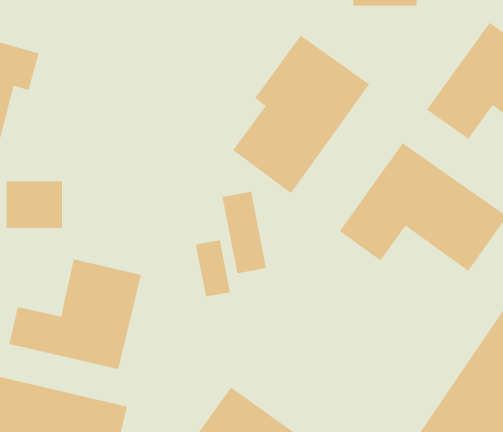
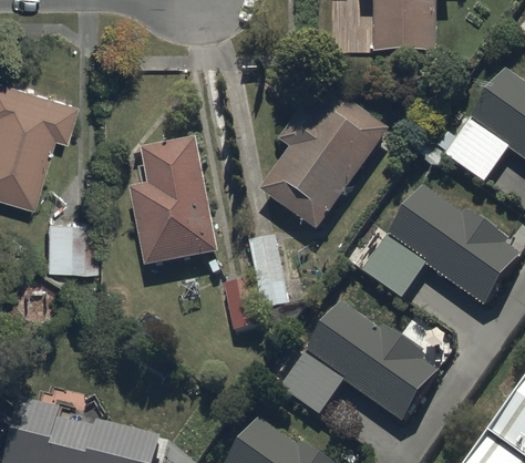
building: none -> [130,135,219,267]
building: [9,258,142,370] -> none
building: none -> [278,297,439,421]

